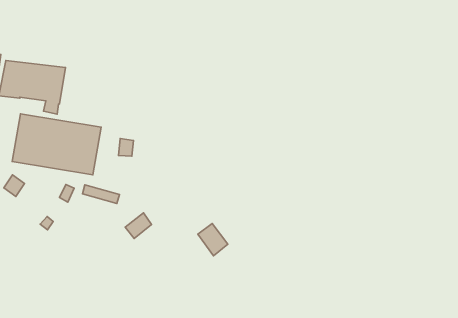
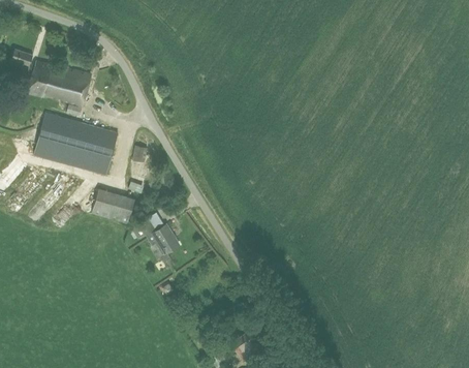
building: none -> [90,194,126,218]
building: [198,224,228,256] -> [153,224,180,254]

